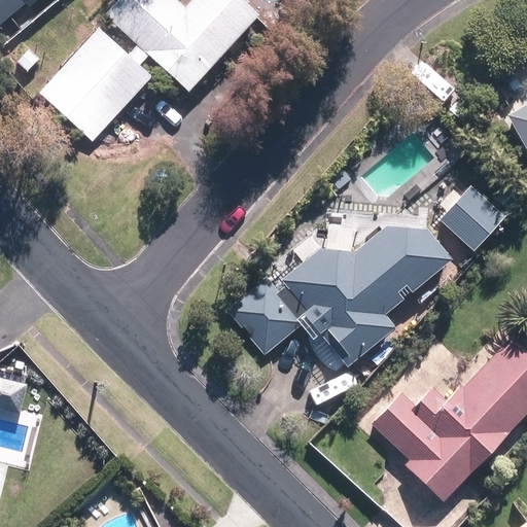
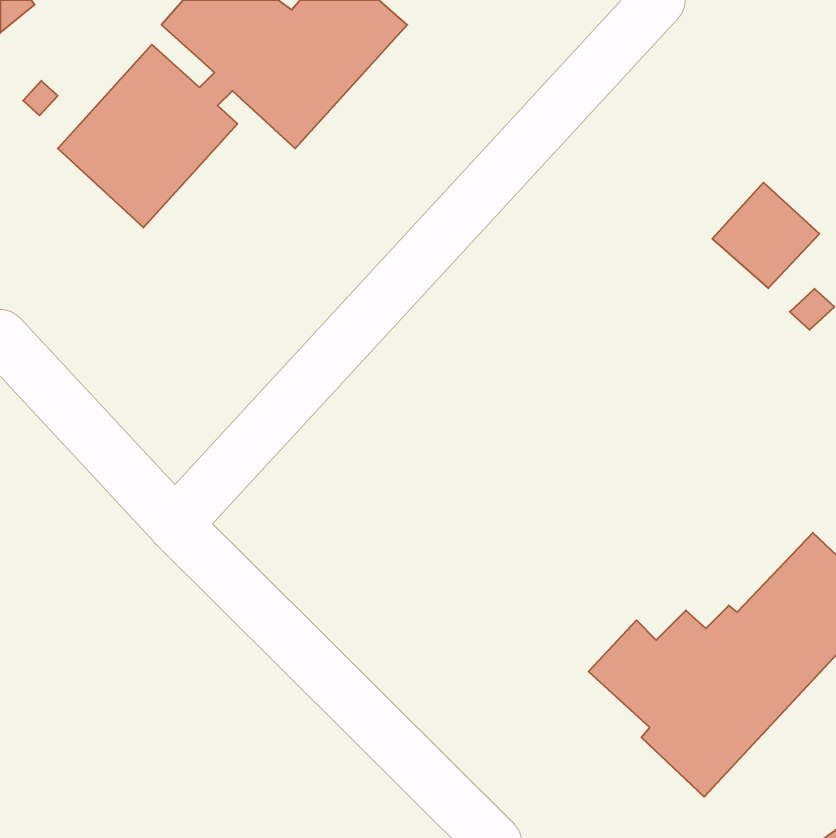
building: [440,183,506,249] -> [712,183,819,288]
building: [230,223,451,364] -> none

